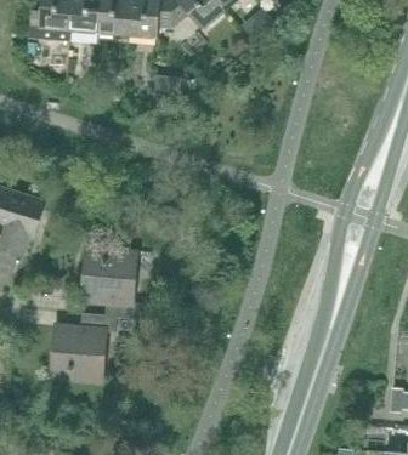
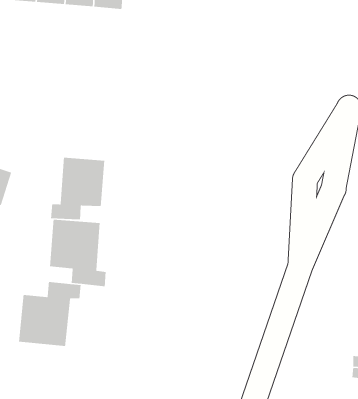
building: none -> [50,157,105,220]

